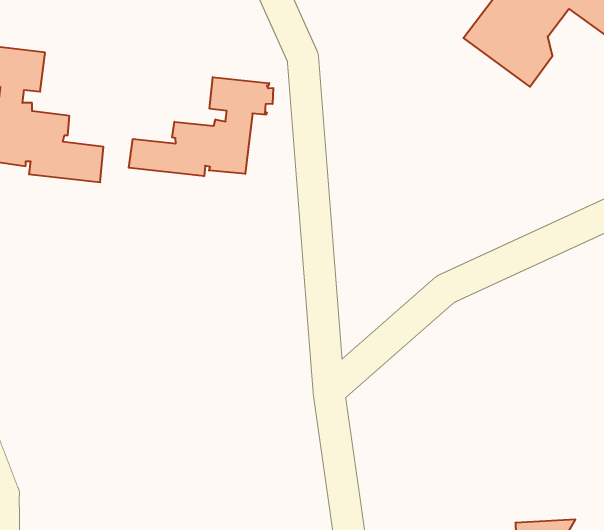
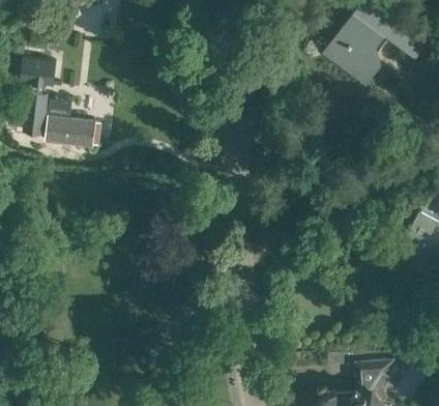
building: [129,77,273,176] -> none

